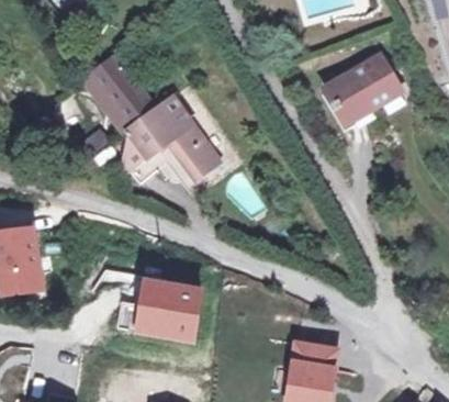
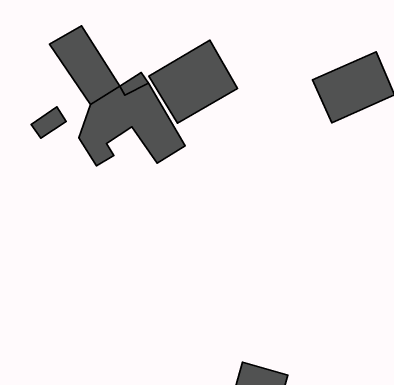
building: none -> [149,40,238,123]
building: [119,283,201,342] -> none

